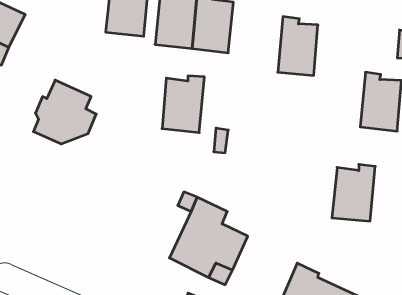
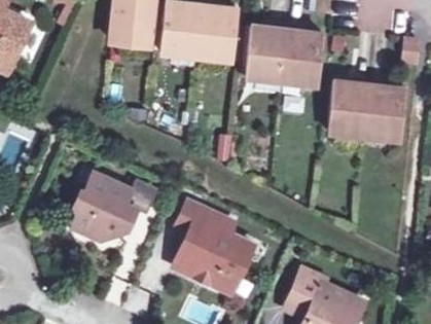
building: [162,76,204,133] -> [246,25,288,81]
building: [33,80,96,144] -> [73,175,136,239]
building: [332,164,375,221] -> [327,79,370,136]

